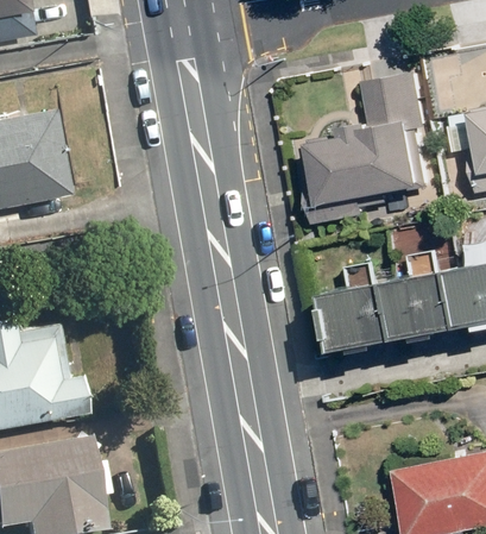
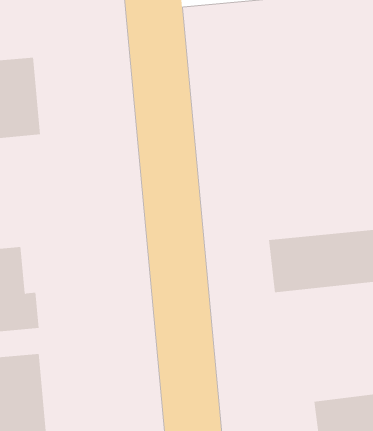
building: [304,73,424,225] -> none

